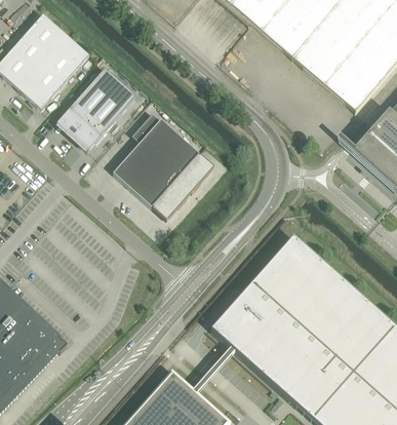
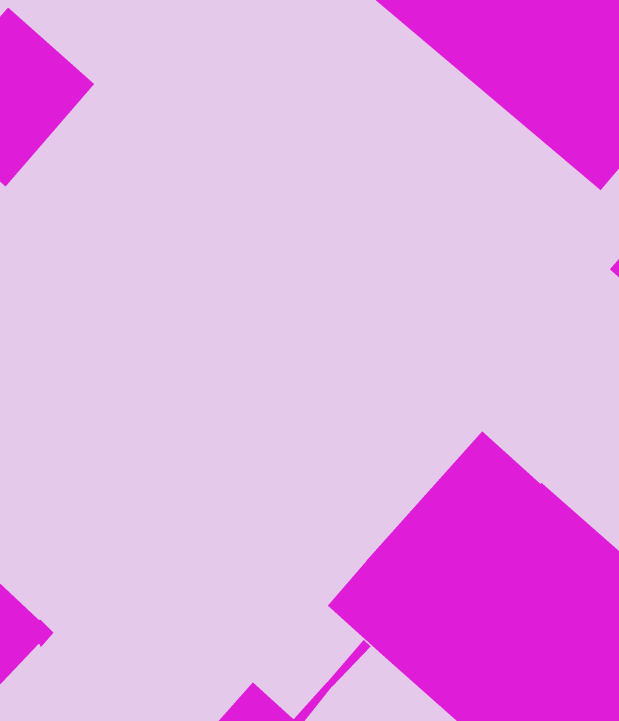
building: [56,68,135,149] -> none
building: [113,112,212,218] -> none

